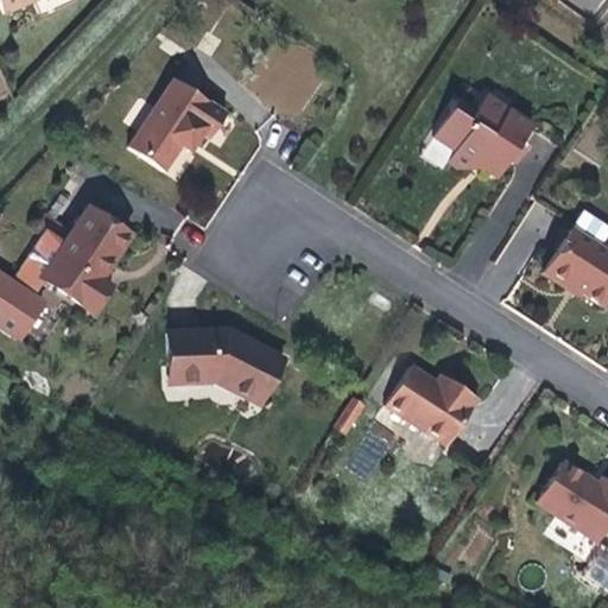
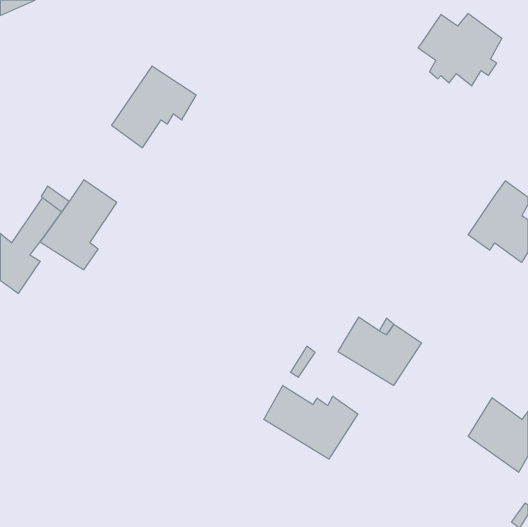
building: [432,96,528,179] -> [418,14,502,86]
building: [169,329,284,405] -> none
building: none -> [264,385,358,459]

